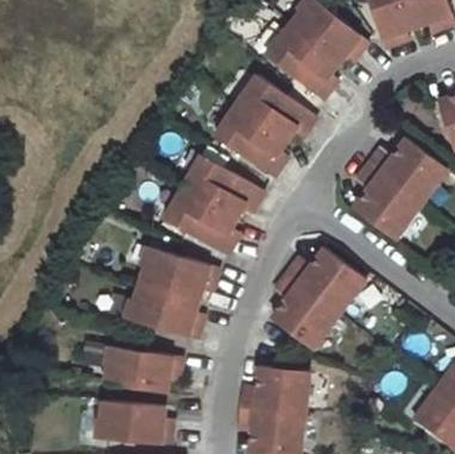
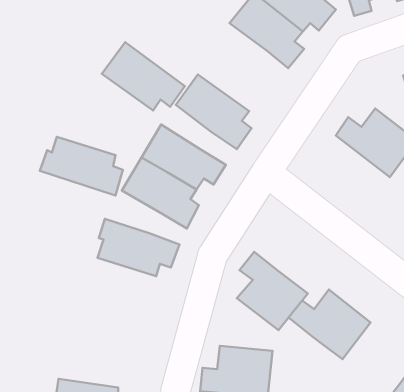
building: [236,72,317,139] -> [102,42,185,111]
building: [355,163,423,239] -> none
building: [291,248,371,316] -> [289,290,371,359]
building: [122,282,203,339] -> [40,137,123,195]
building: [100,345,178,391] -> none

